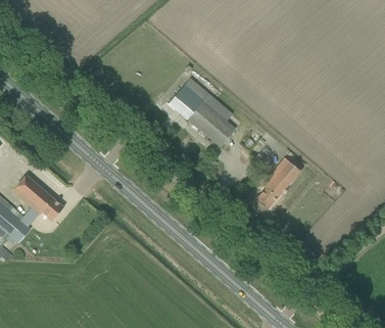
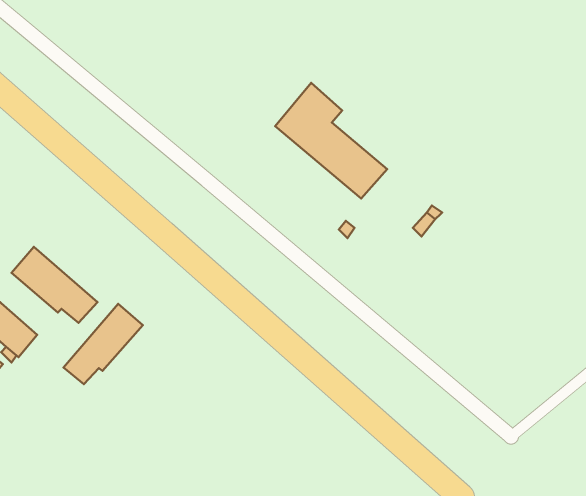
building: [256,158,300,209] -> none
building: none -> [63,304,143,384]

